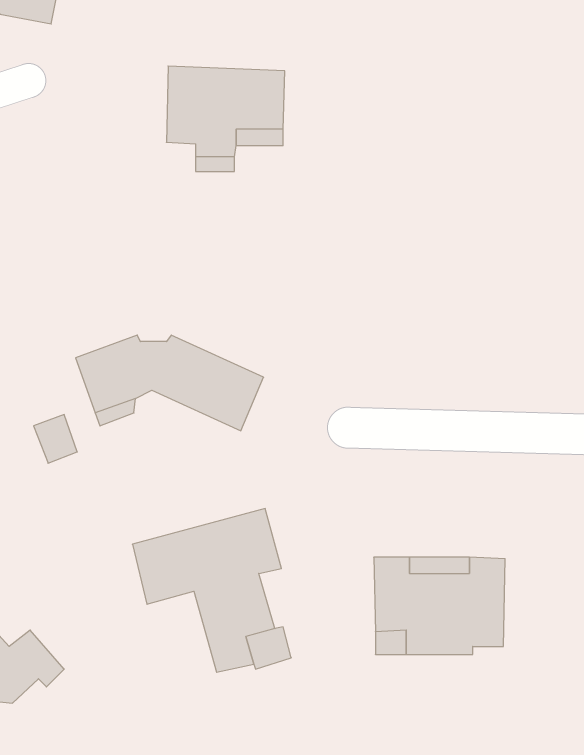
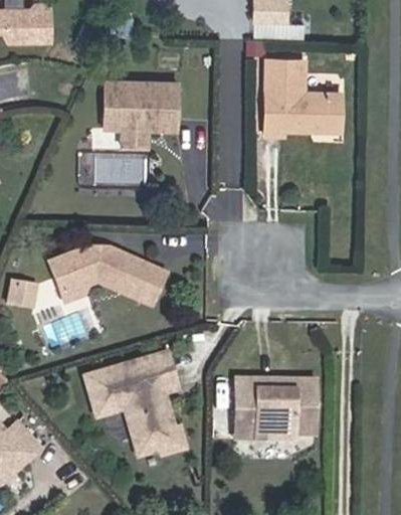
building: none -> [266,61,343,136]
building: none -> [97,151,148,174]

